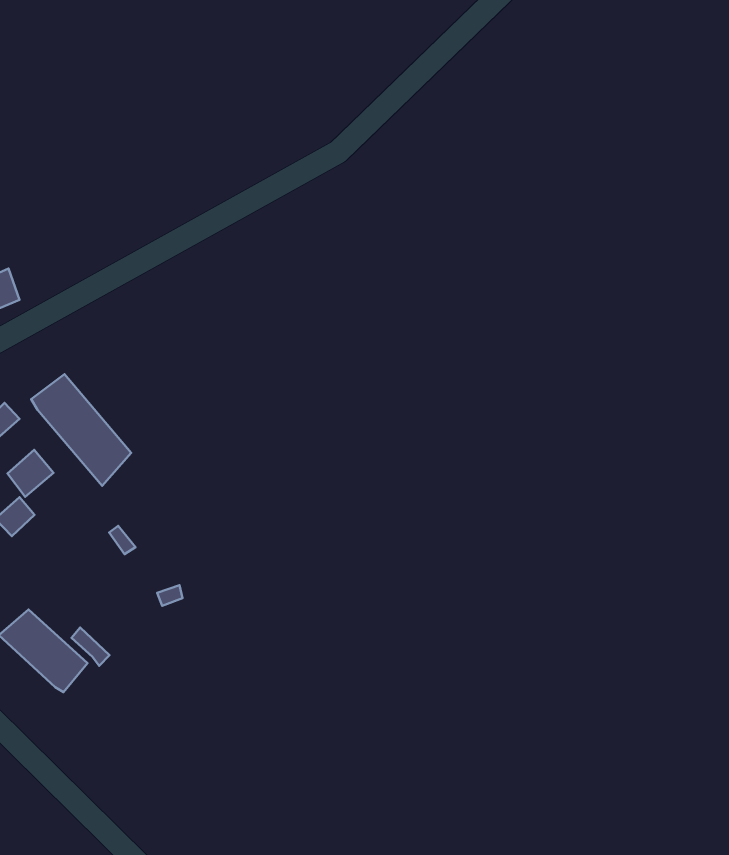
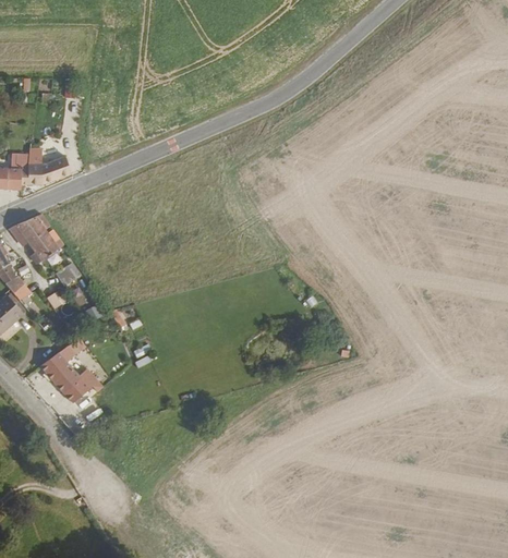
building: [31,374,131,486] -> none

